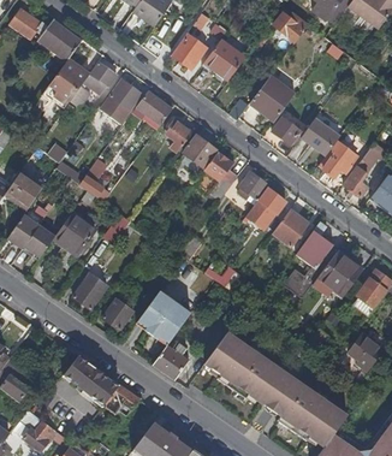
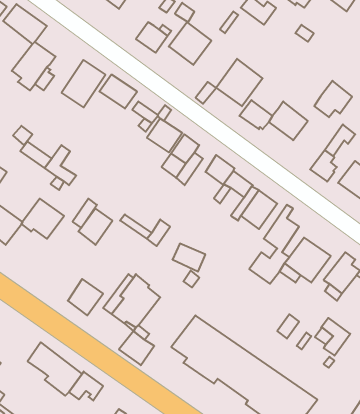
building: [84,61,117,93] -> none
building: [319,141,356,177] -> [314,81,352,117]
building: [73,272,107,308] -> [78,208,112,245]

